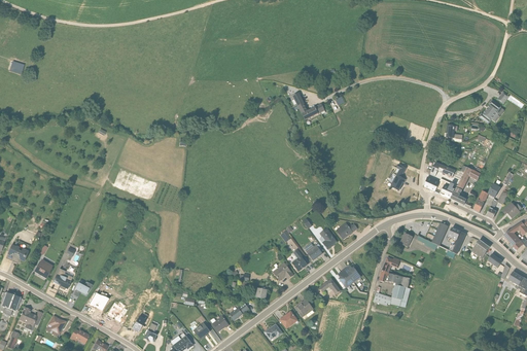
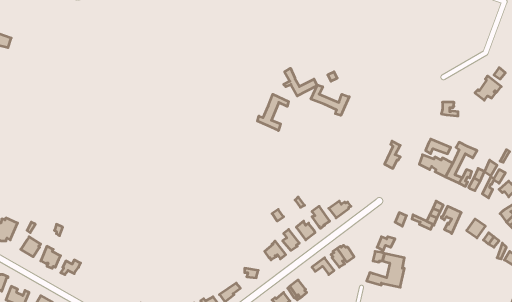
building: none -> [311,85,349,115]
building: none -> [257,94,289,131]

